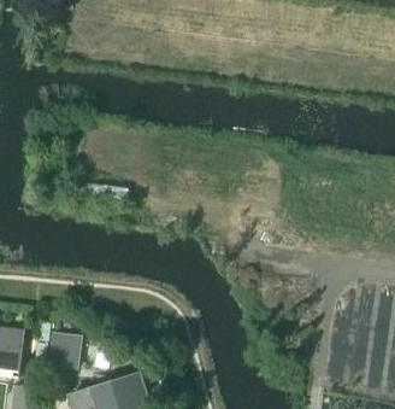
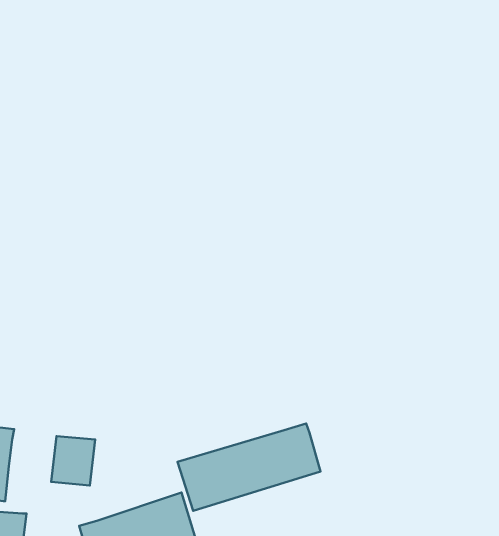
building: none -> [178,423,321,511]

